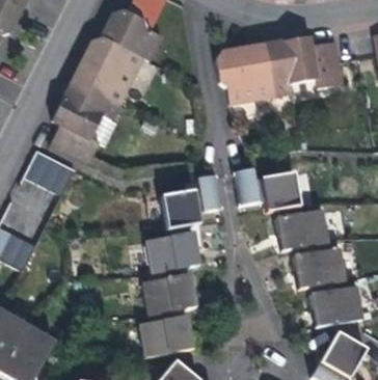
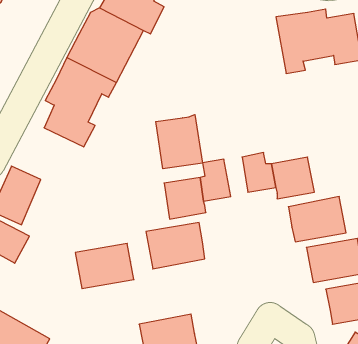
building: [214,43,273,102] -> none
building: none -> [156,115,203,169]
building: [25,150,75,192] -> none
building: [141,273,195,315] -> [75,243,134,289]

